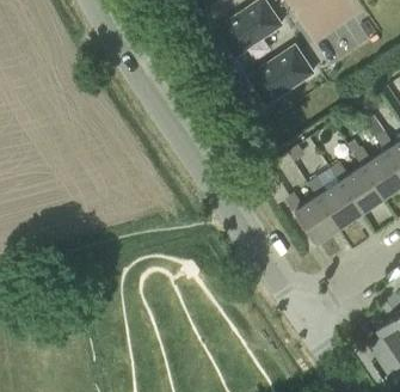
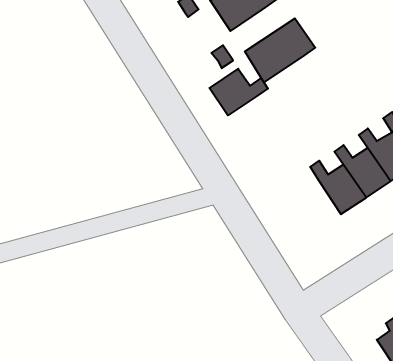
building: none -> [209,69,268,115]
building: [287,192,338,243] -> none

